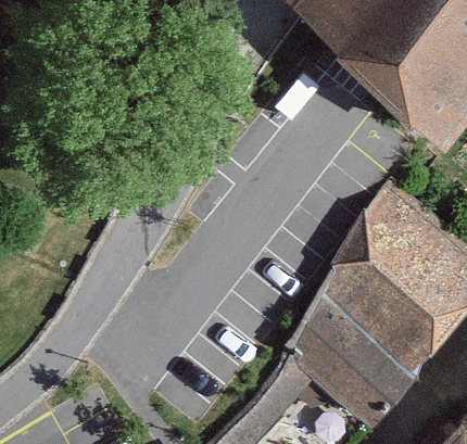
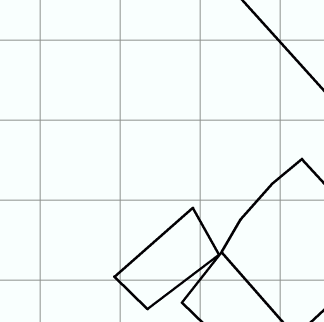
building: none -> [114,208,219,309]

